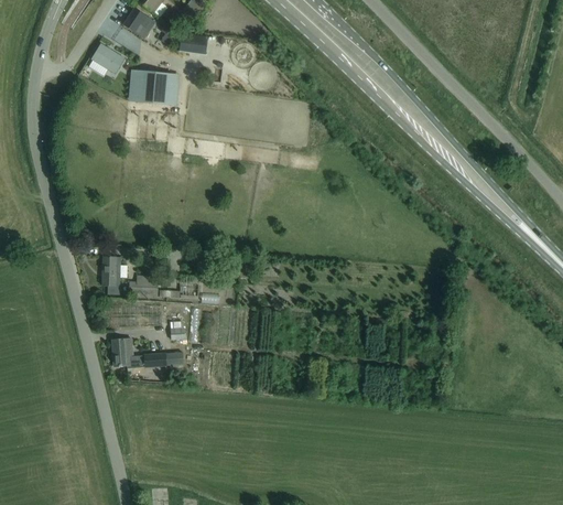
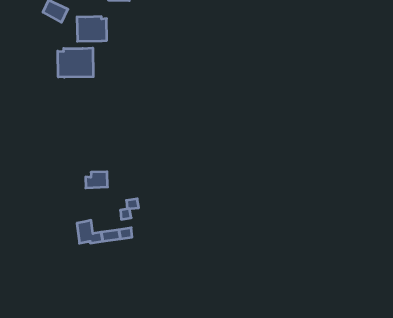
building: none -> [58,48,93,77]
building: [102,256,127,294] -> none

